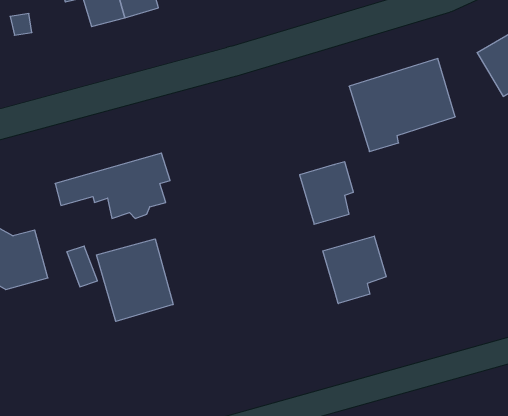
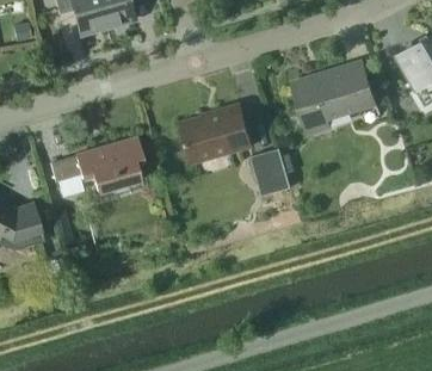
building: none -> [179,103,251,162]
building: [323,236,386,304] -> none
building: [97,239,173,321] -> none

